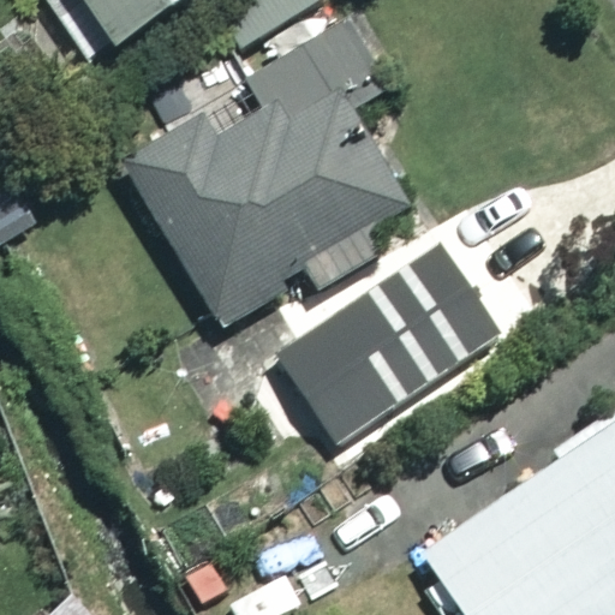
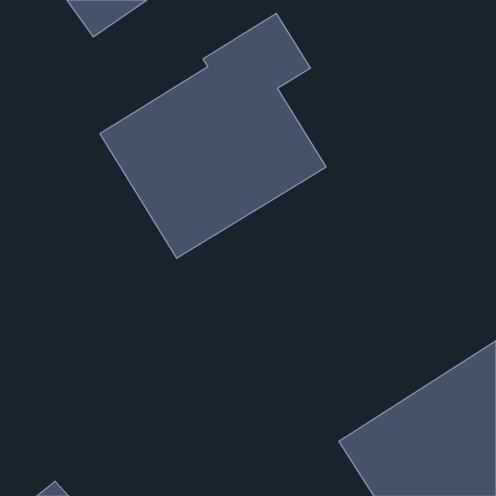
building: [275,237,520,446] -> none

